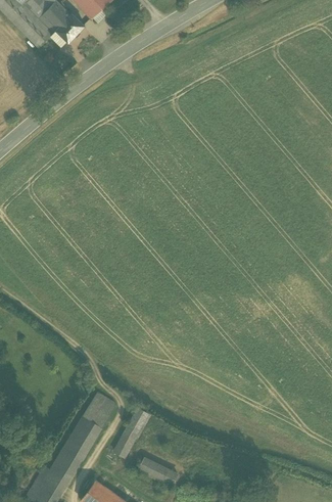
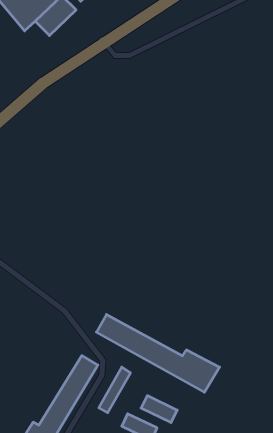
building: none -> [96,314,220,392]
building: none -> [141,396,177,423]

